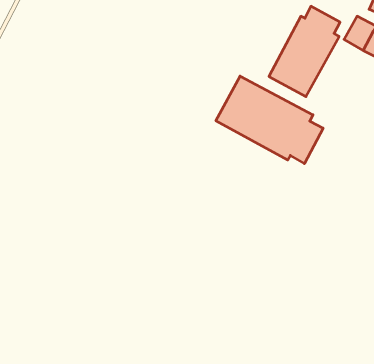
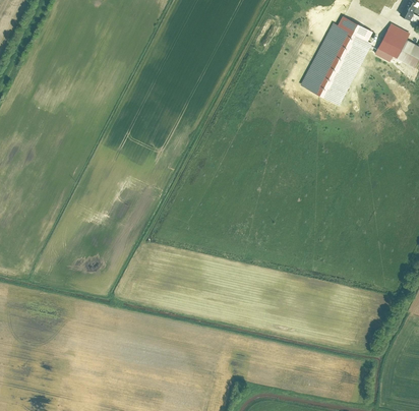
building: [216,76,323,164] -> none

